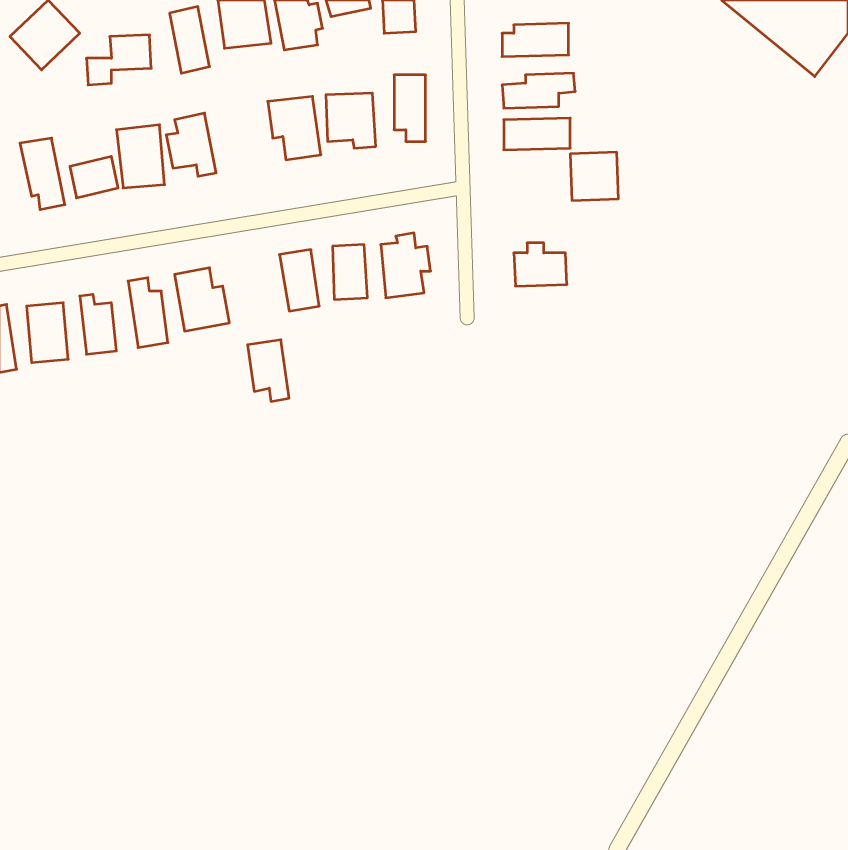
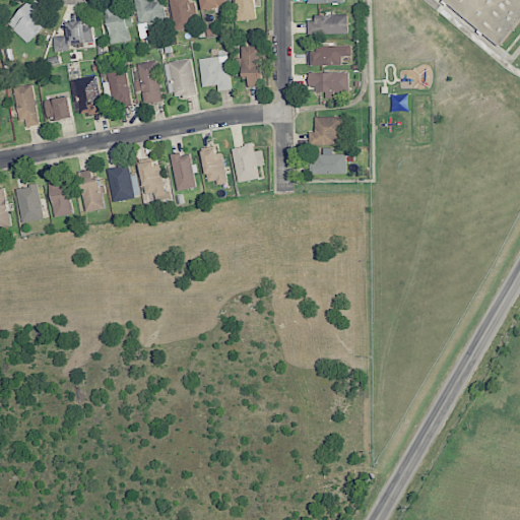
building: none -> [134,61,161,103]
building: [570,152,618,200] -> [313,116,342,145]
building: [248,340,289,401] -> [140,162,166,200]

